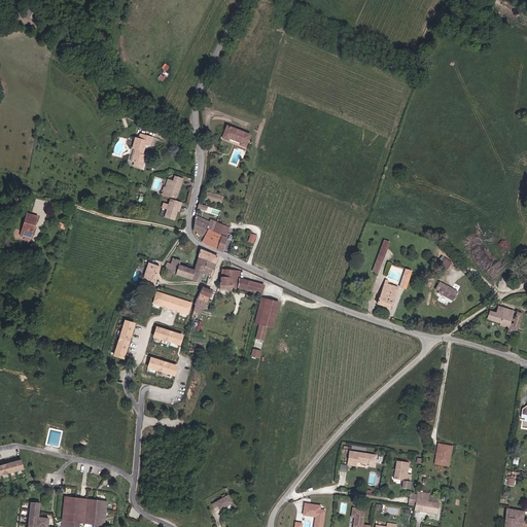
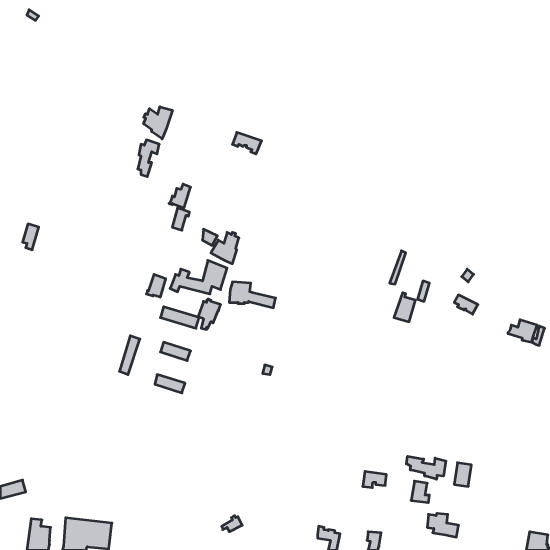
building: none -> [144,107,172,139]
building: [254,298,278,341] -> none
building: none -> [406,456,446,479]

